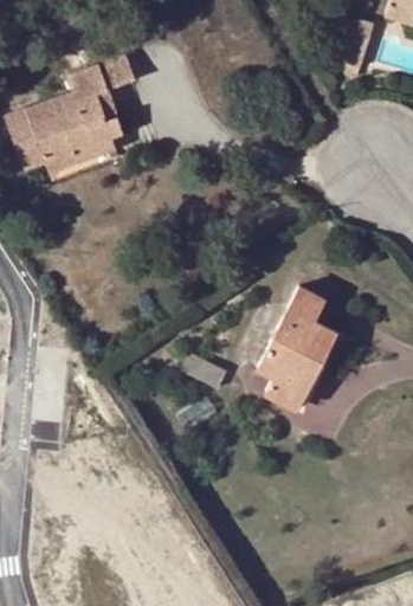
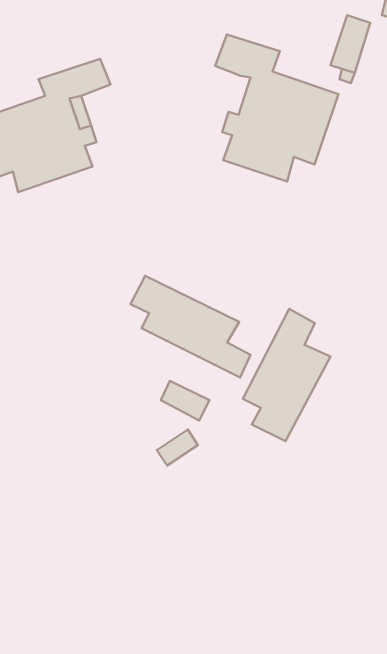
building: none -> [215,35,339,181]
building: none -> [131,276,250,377]

